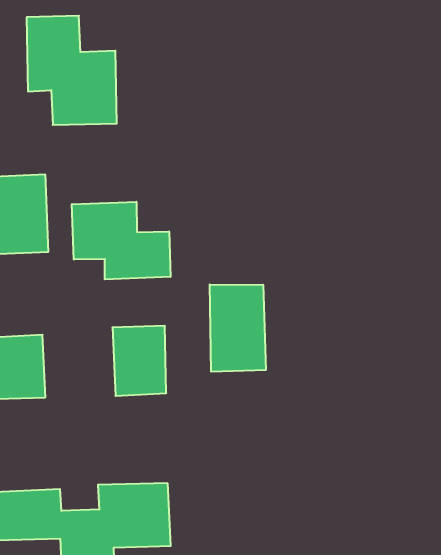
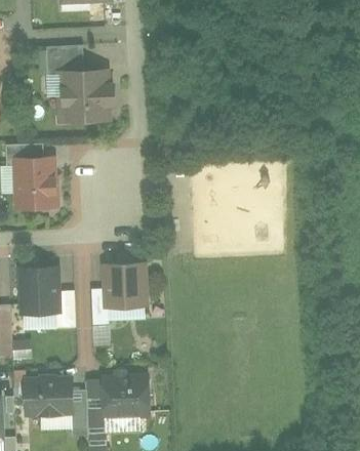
building: [72,202,170,279] -> none
building: [210,284,266,372] -> none

